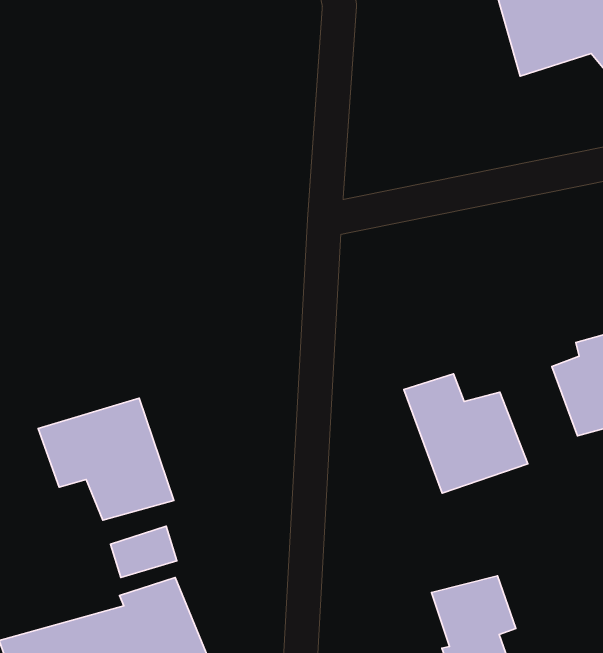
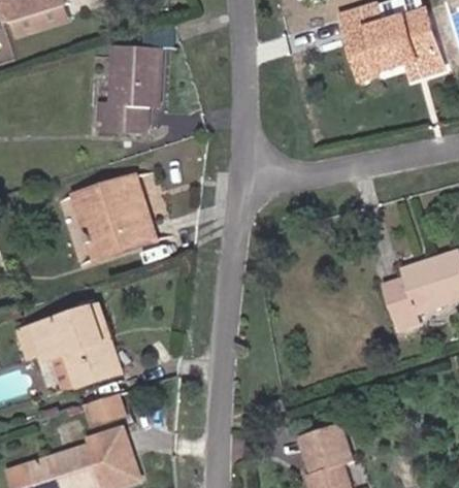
building: none -> [92,44,163,136]
building: none -> [68,172,156,260]
building: [404,374,528,493] -> none

